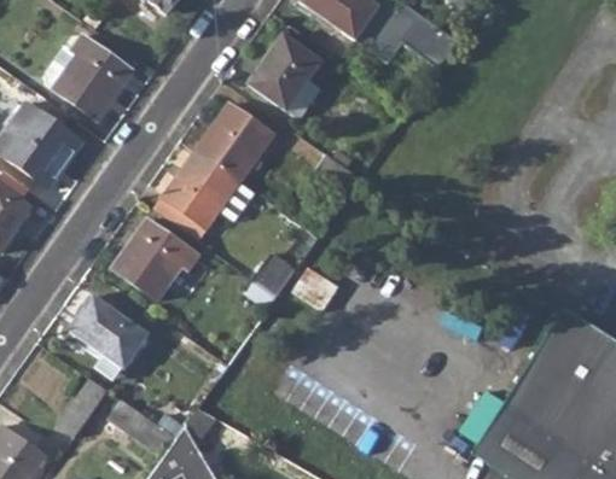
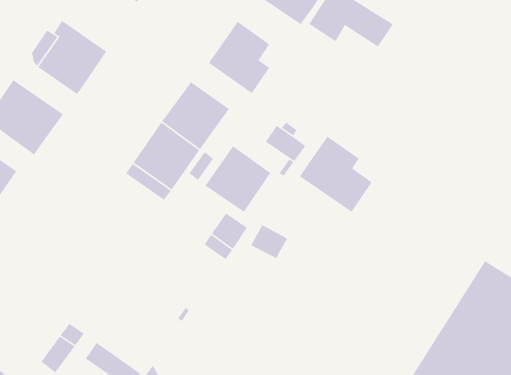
building: none -> [299,136,372,213]
building: none -> [205,145,271,213]
building: [114,218,199,300] -> none
building: [70,296,150,368] -> none

